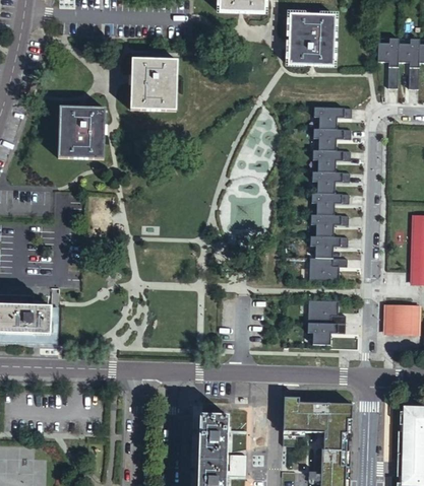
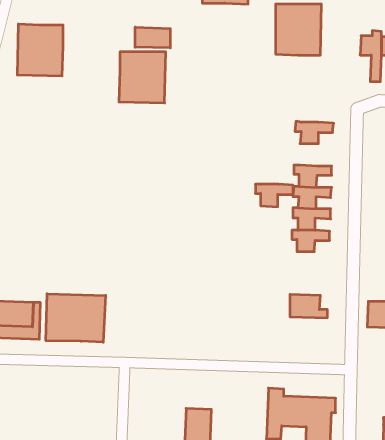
building: none -> [135,27,170,48]
building: [59,106,105,157] -> [17,24,63,76]
building: [312,106,350,128] -> none
building: [311,149,349,171] -> [255,184,293,207]
building: [307,257,346,280] -> none
building: none -> [46,294,106,342]
building: [305,322,344,344] -> none

